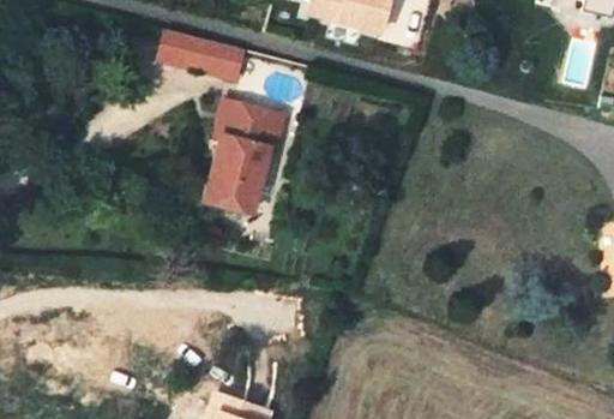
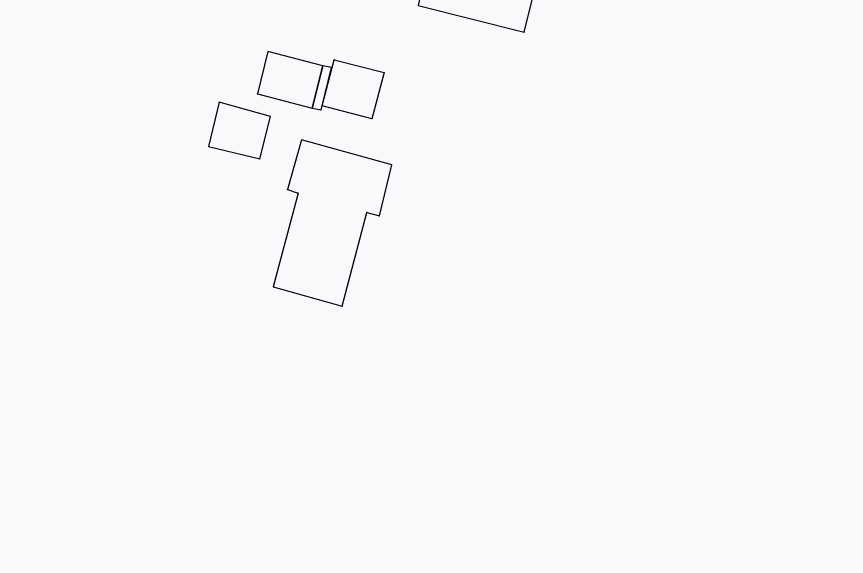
building: [158,30,200,68] -> [209,102,270,159]
building: none -> [322,60,384,119]

